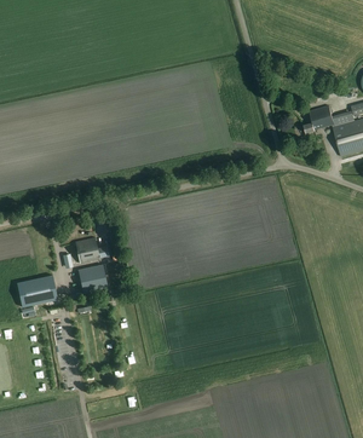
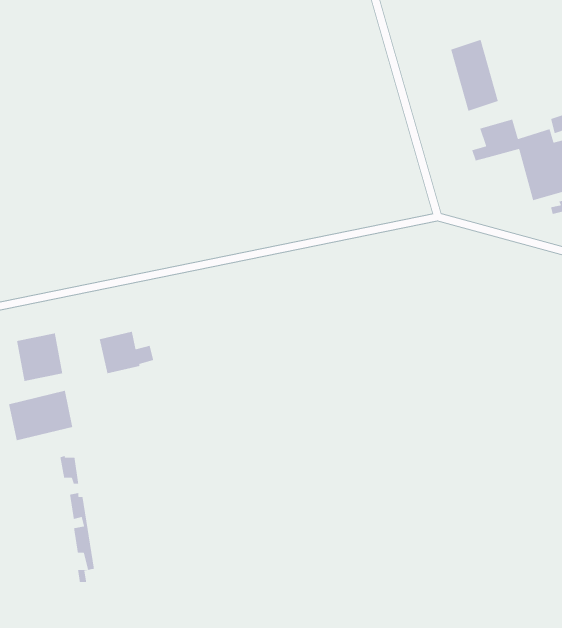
building: none -> [450,39,499,112]
building: [79,264,108,294] -> [16,333,63,382]

